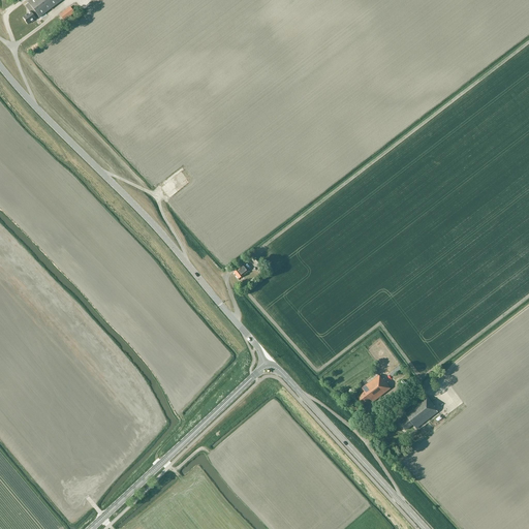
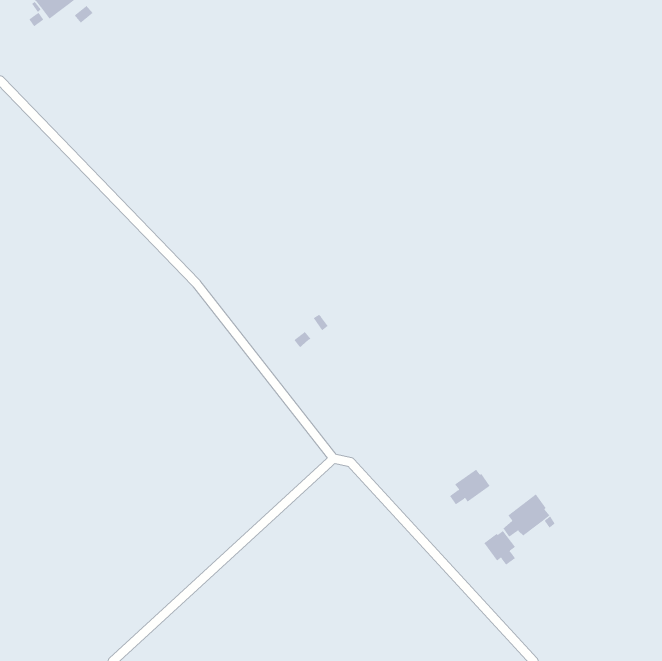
building: none -> [483,530,516,565]

